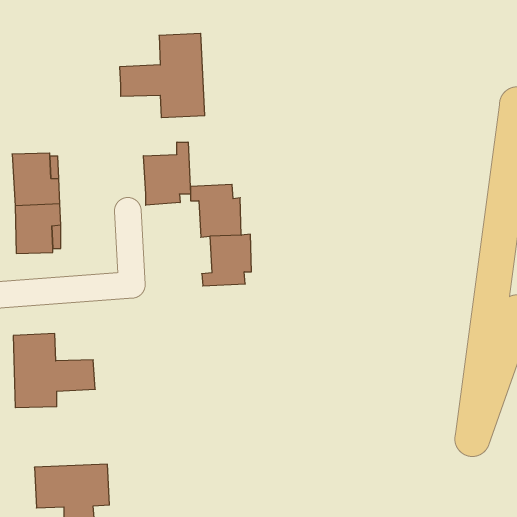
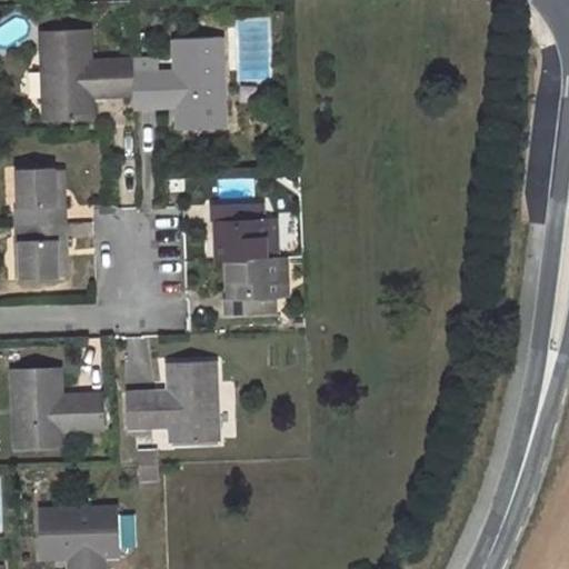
building: none -> [41,30,132,122]
building: [143,142,191,205] -> none
building: none -> [126,361,216,443]

